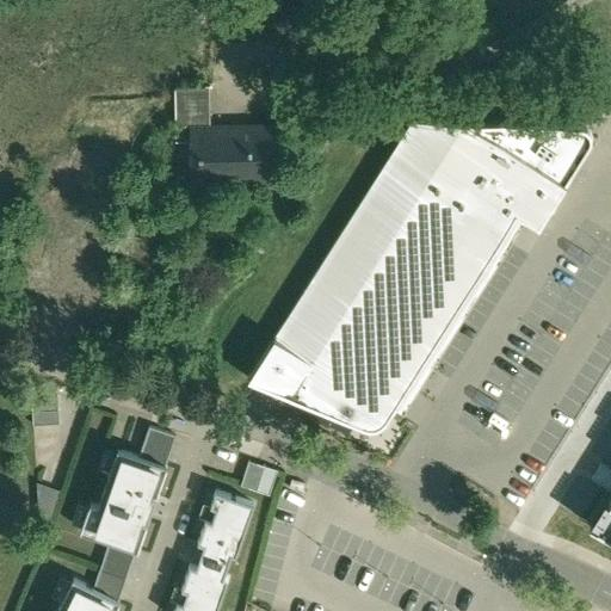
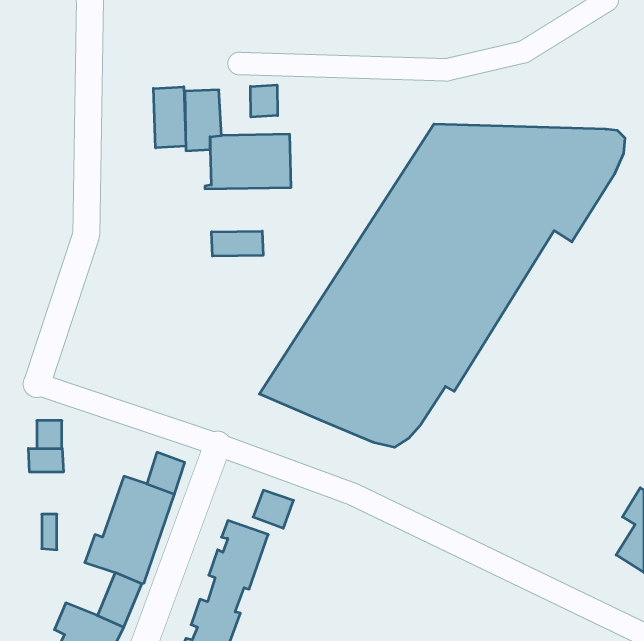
building: none -> [250,85,278,117]
building: none -> [153,87,186,148]
building: none -> [212,231,263,256]
building: none -> [28,448,63,472]

